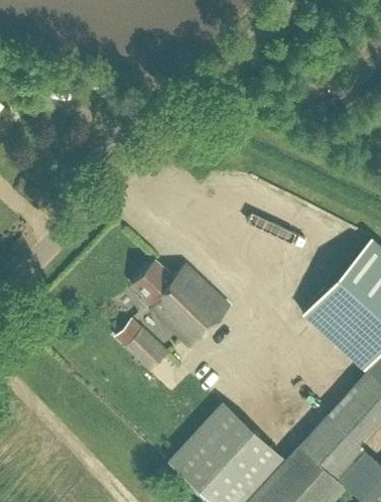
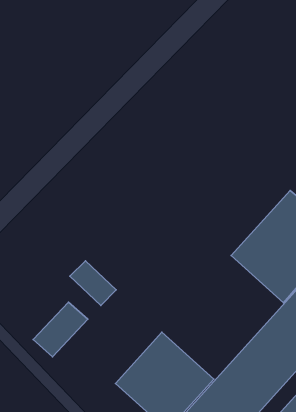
building: [132,259,231,346] -> none
building: none -> [33,302,88,357]

